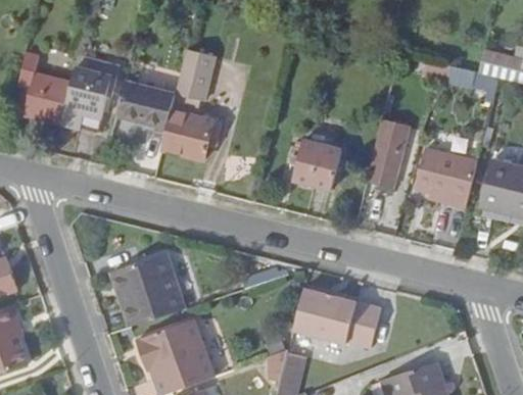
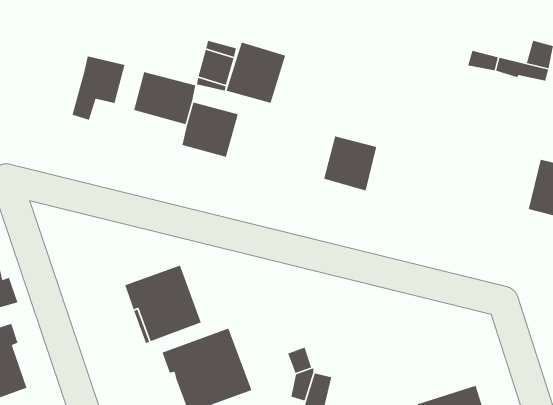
building: [25,50,79,120] -> none
building: none -> [226,42,286,104]
building: [370,119,410,185] -> none
building: [419,149,480,207] -> none
building: [293,288,381,347] -> none

